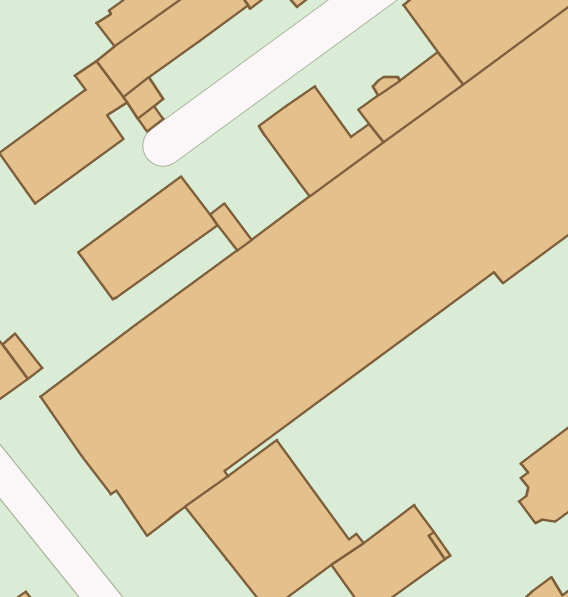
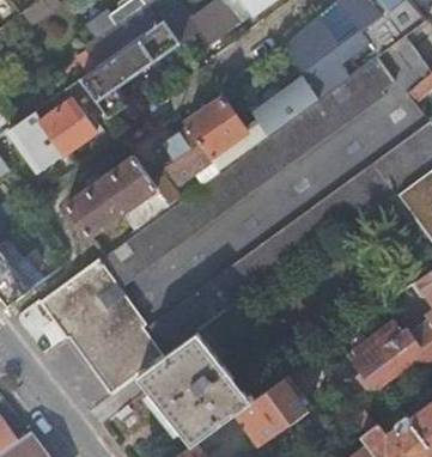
building: none -> [157,129,212,184]

